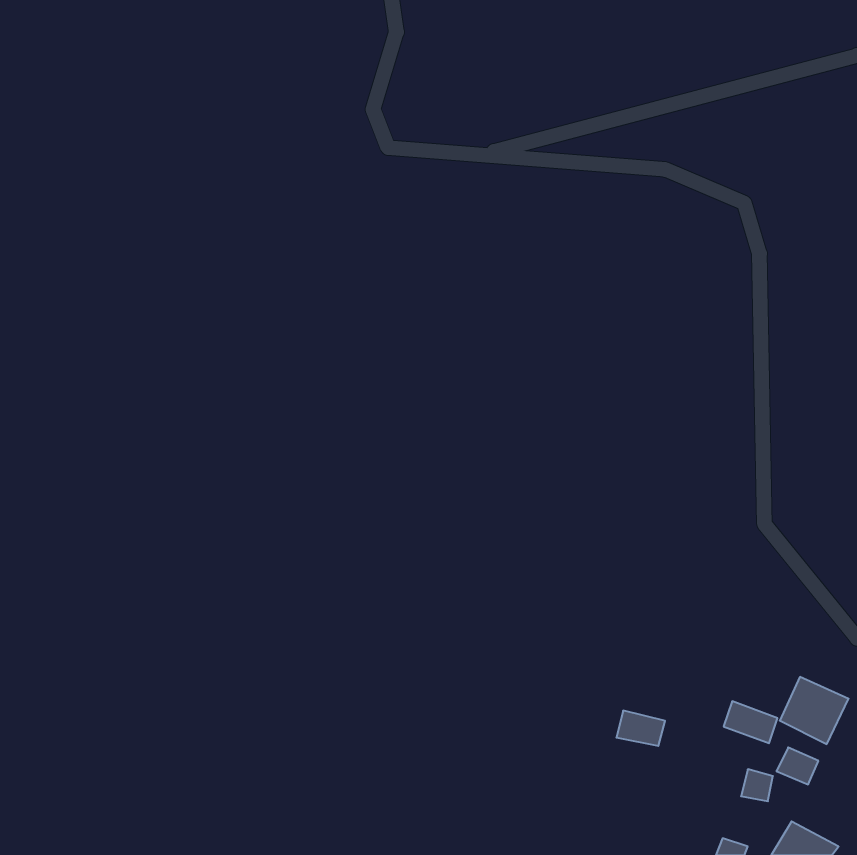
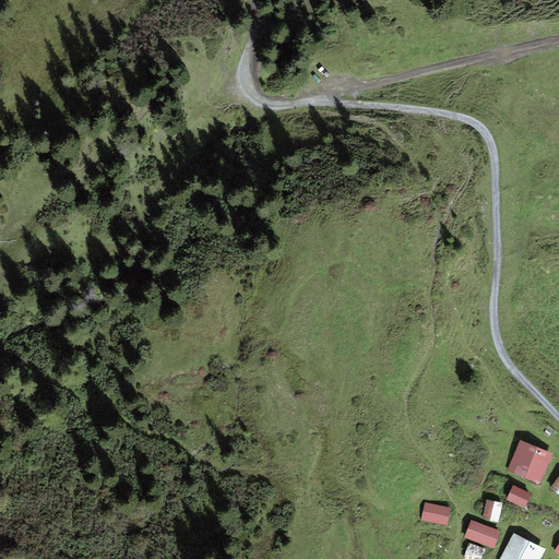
building: [724,701,777,743] -> [465,521,500,548]
building: [616,711,665,746] -> [420,503,452,526]

